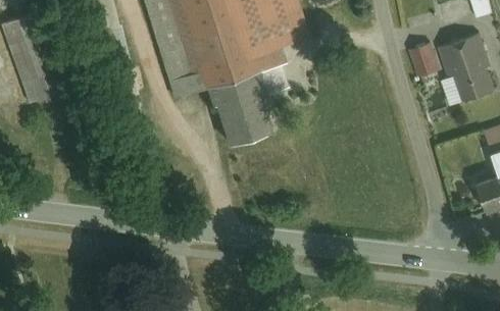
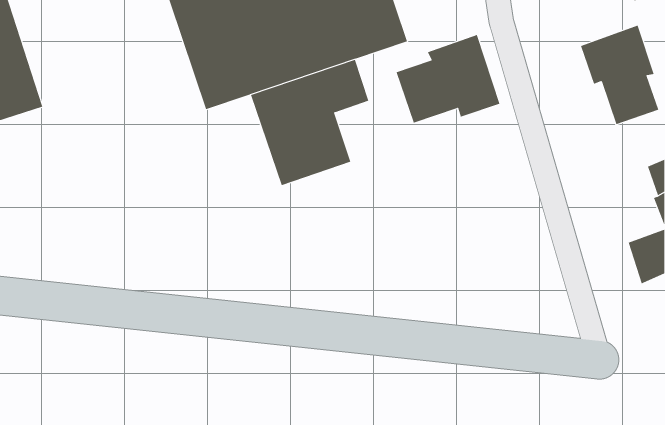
building: none -> [396,34,500,123]
building: [406,44,436,81] -> none

